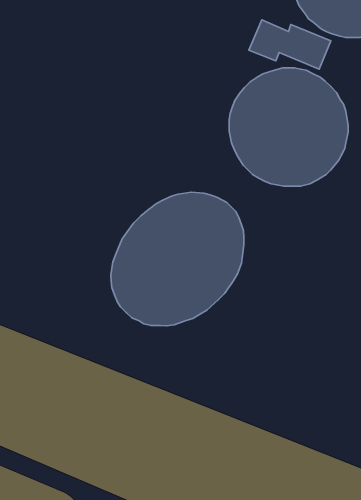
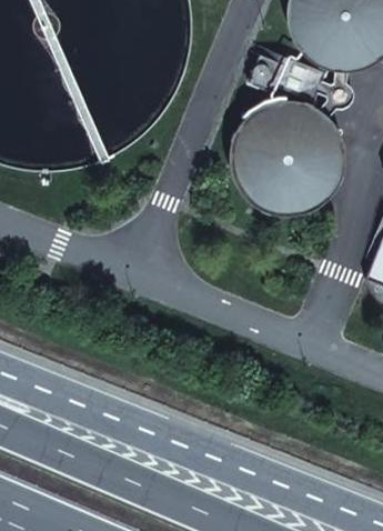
building: [111,192,244,326] -> none

